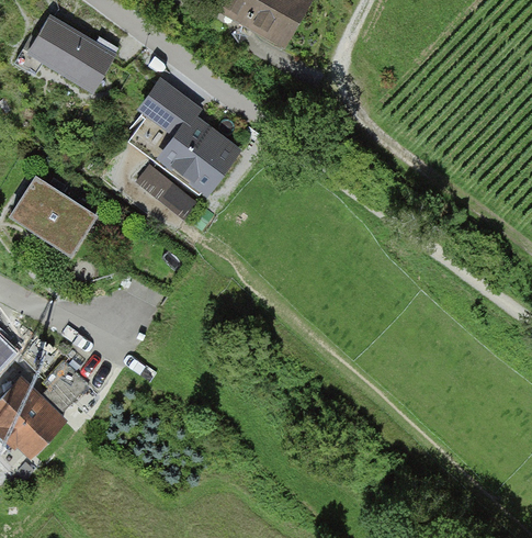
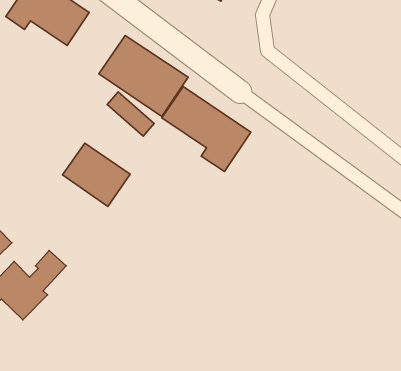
building: none -> [162,87,251,172]
building: [12,175,99,256] -> [63,143,130,206]

